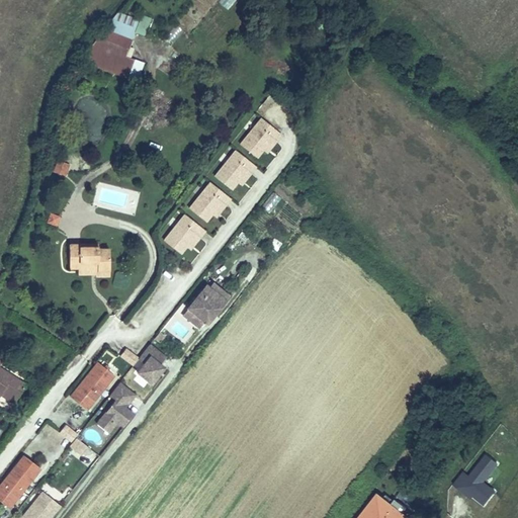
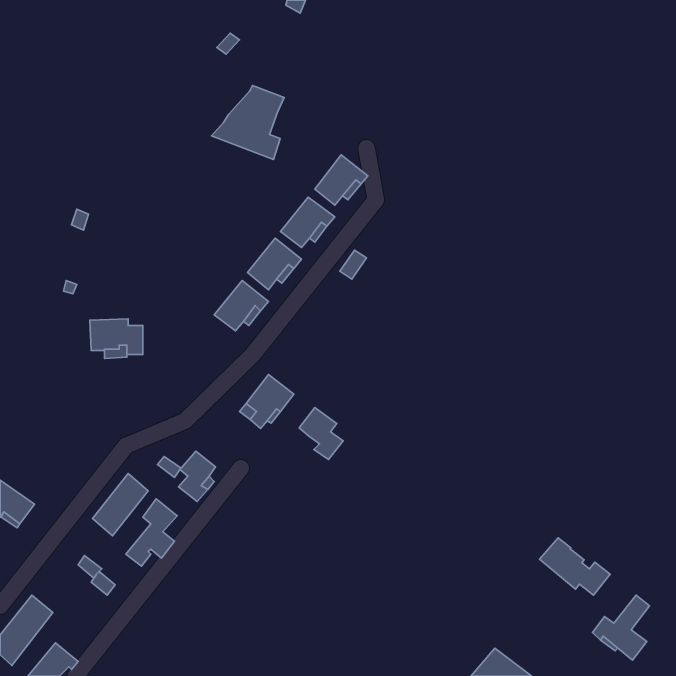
building: [80,20,136,77] -> [211,86,284,160]
building: none -> [299,408,343,459]
building: none -> [539,538,610,595]

